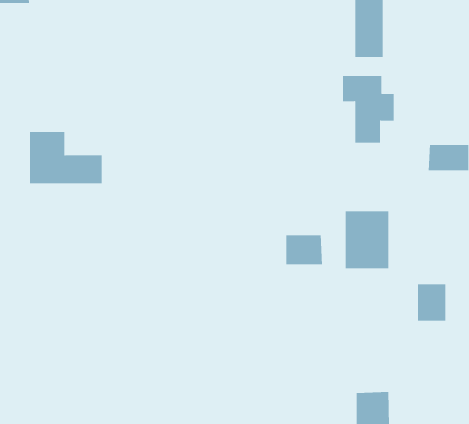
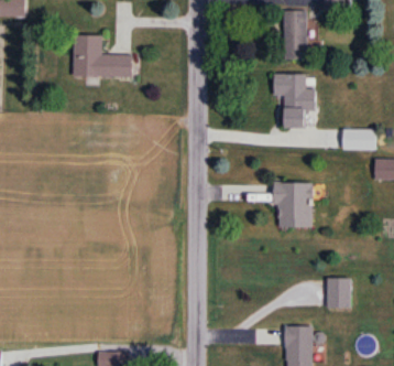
building: [29,131,102,184] -> [73,34,131,76]
building: [286,234,323,265] -> none
building: [417,284,446,321] -> [327,278,350,308]

